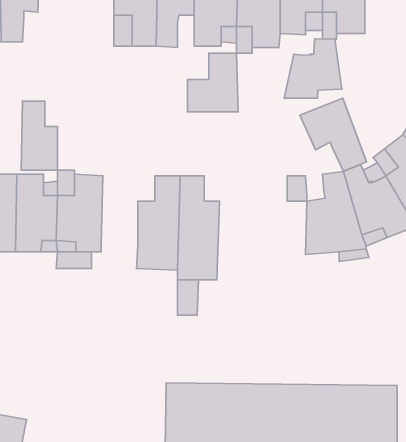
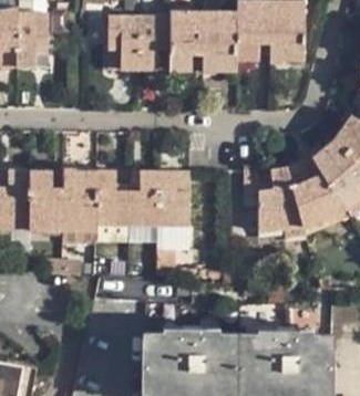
building: [284,39,342,98] -> none
building: [188,53,238,112] -> none
building: [300,98,367,171] -> none
building: [21,101,58,170] -> [96,170,125,225]

